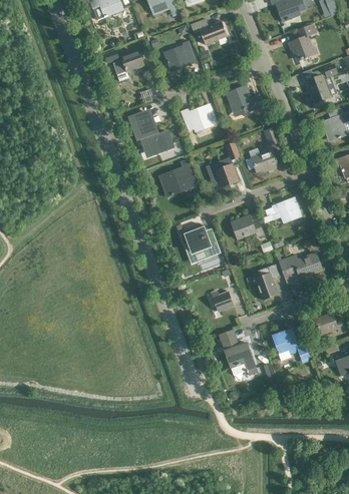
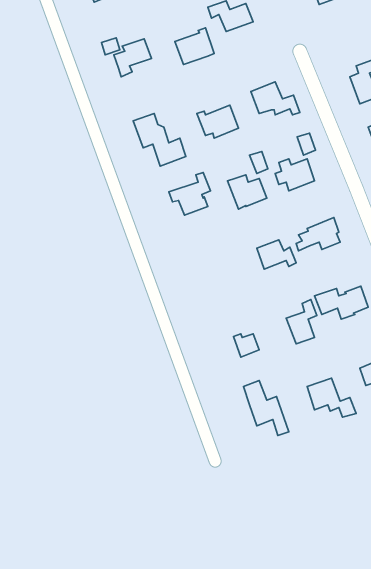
building: [288,24,317,60] -> none
building: [184,225,221,264] -> none

